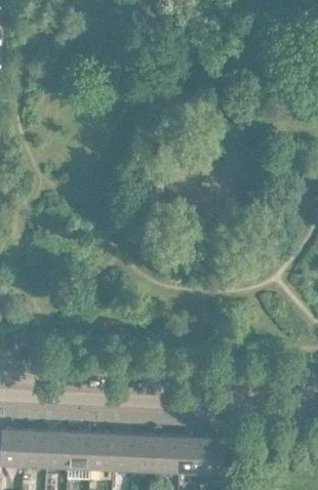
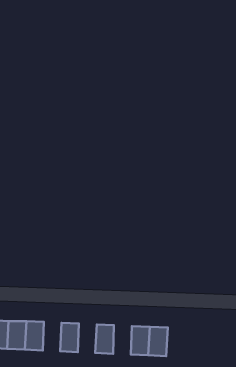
building: [66,433,89,469] -> none
building: [110,435,133,472] -> none
building: [154,437,177,474] -> none

